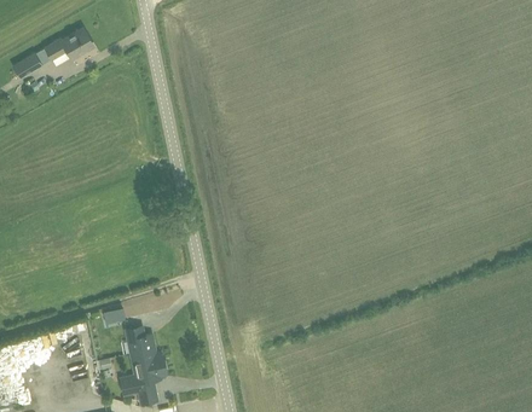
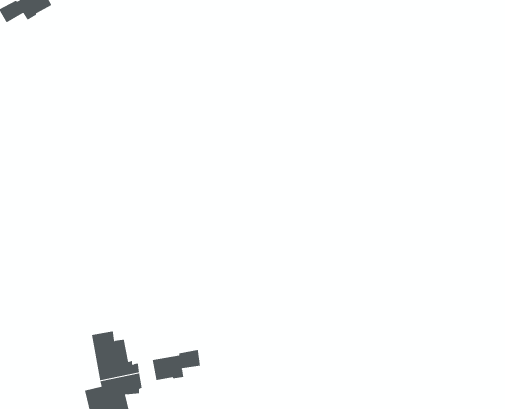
building: none -> [152,349,201,381]

